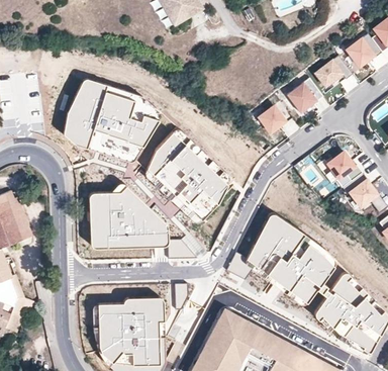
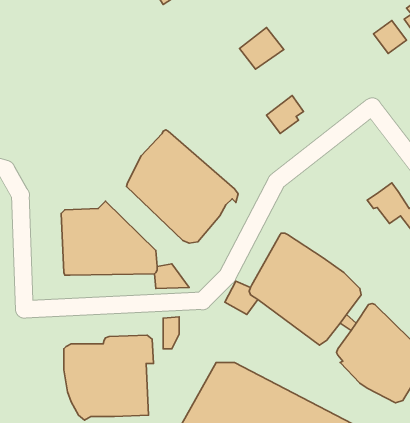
building: [315,55,352,86] -> none
building: [287,78,323,112] -> [240,27,284,69]
building: [65,79,161,161] -> none
building: [327,151,362,180] -> none

